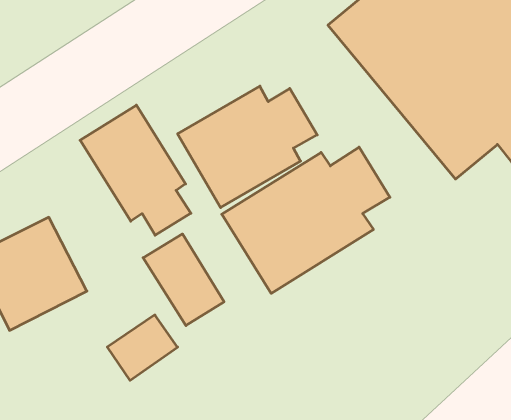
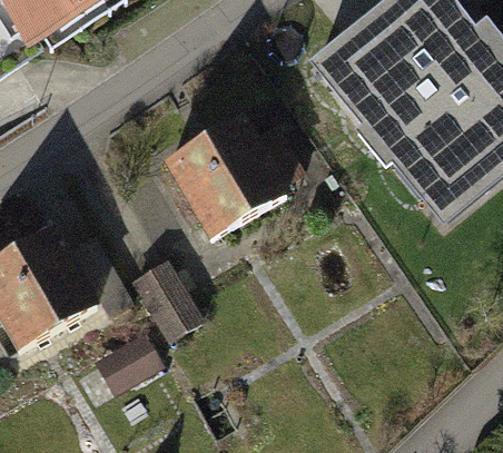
building: [80,105,191,235] -> none
building: [222,147,390,293] -> none

